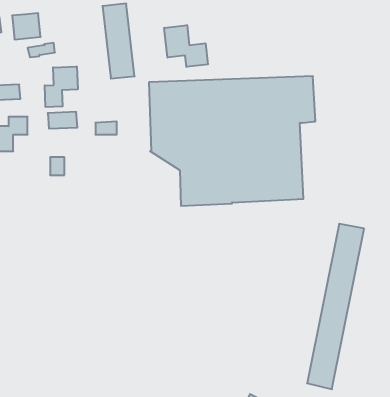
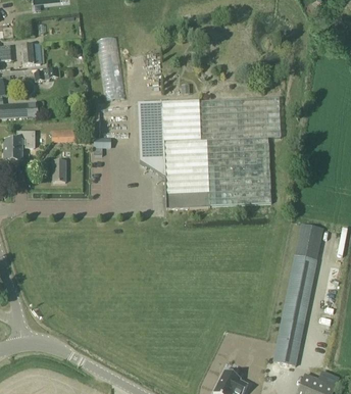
building: [164,25,208,67] -> none
building: [45,66,78,107] -> none

